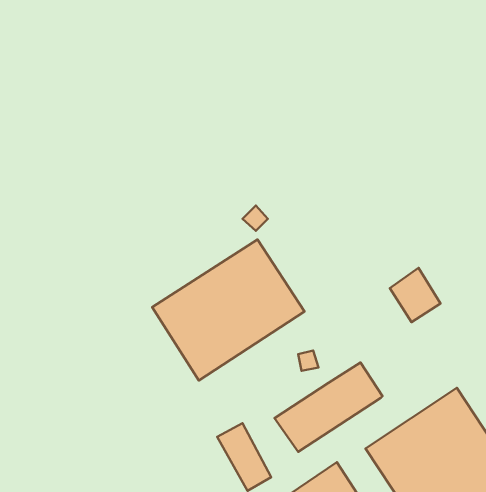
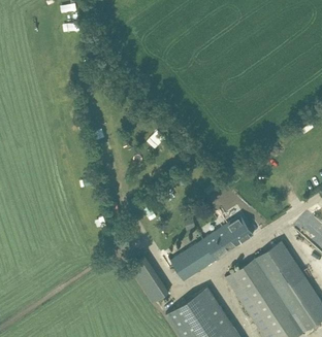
building: [152,240,304,381] -> none
building: [390,268,440,322] -> [222,213,253,246]

